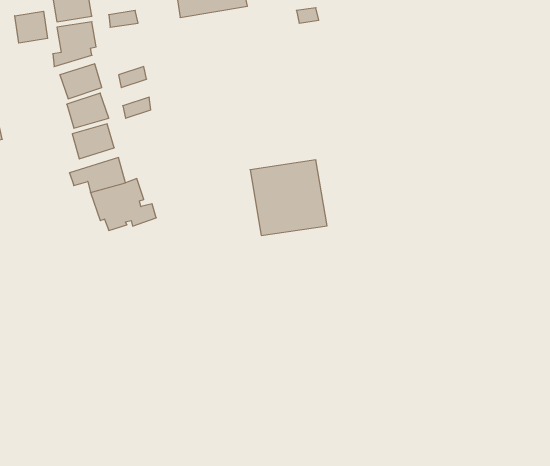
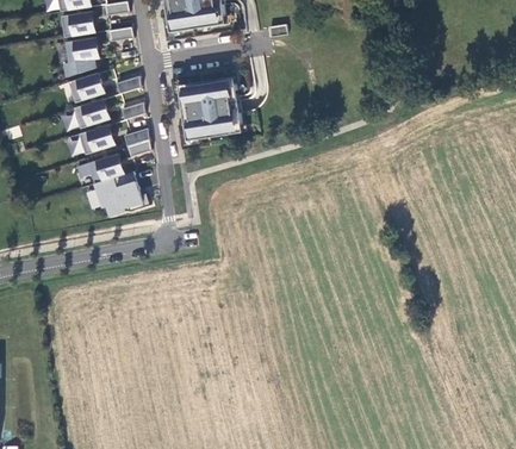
building: [15,11,48,43] -> none
building: none -> [124,127,150,156]
building: [250,160,327,235] -> [178,77,243,142]

